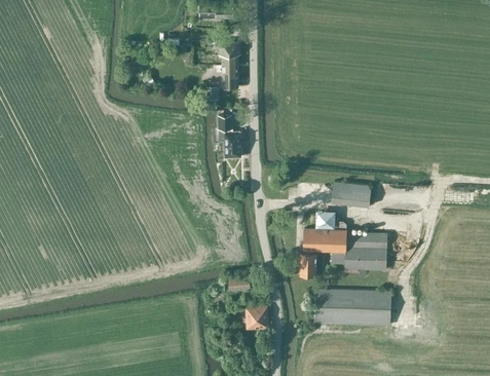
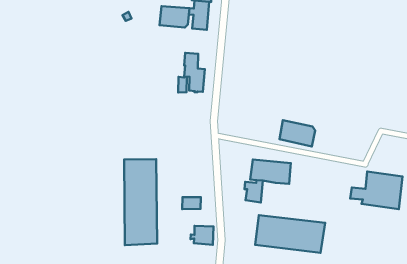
building: none -> [159,6,189,27]
building: [330,231,386,270] -> [350,171,403,209]
building: none -> [124,159,157,245]

